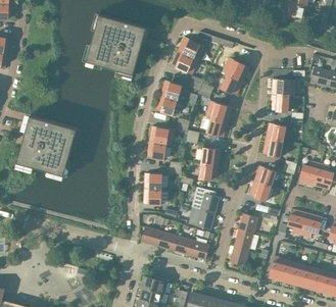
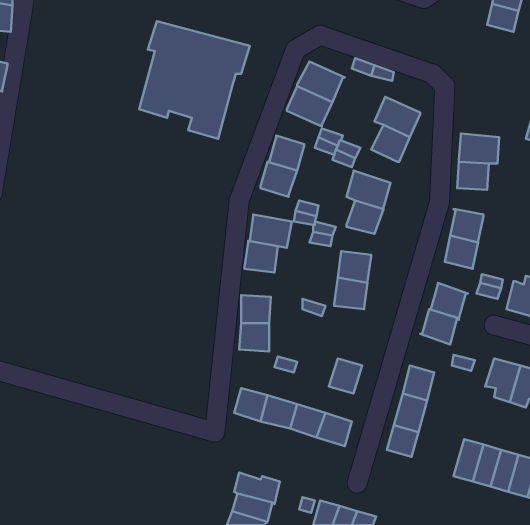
building: [13,114,80,178] -> none
building: [190,187,219,213] -> none

